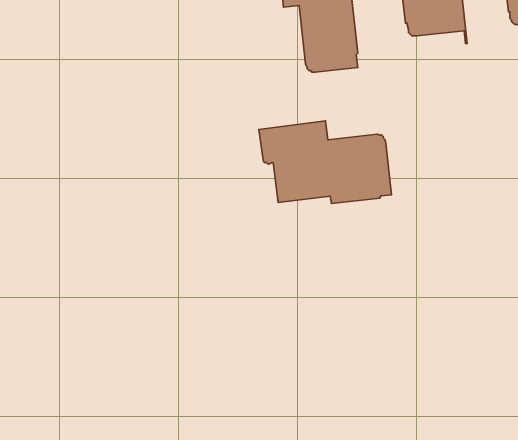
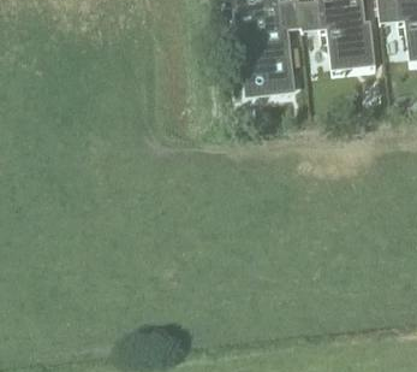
building: [259,121,391,203] -> none

